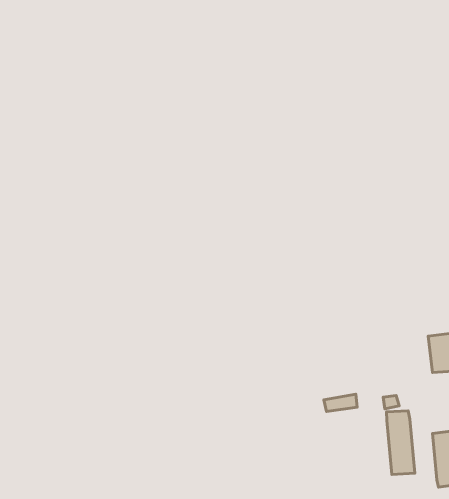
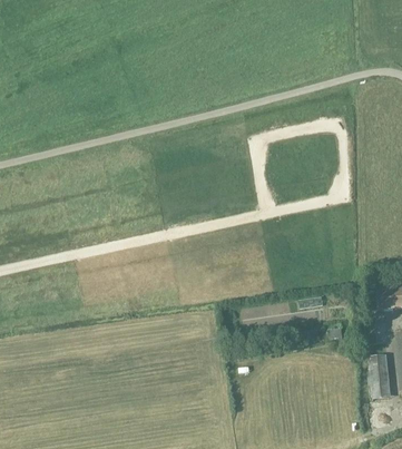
building: [387,411,415,474] -> none

